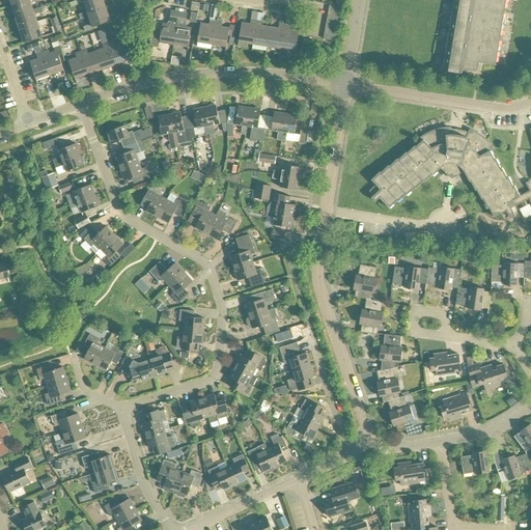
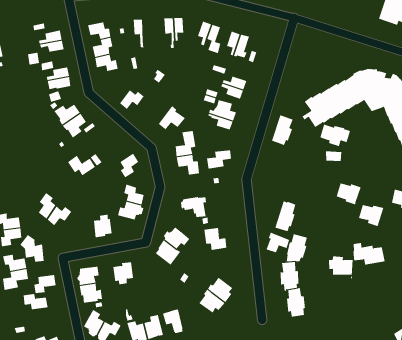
building: [169,111,193,147] -> none
building: [141,185,167,216] -> none
building: [190,201,216,232] -> none
building: [149,260,184,284] -> [67,155,96,176]
building: [355,263,378,299] -> [271,115,293,146]
building: [393,266,428,289] -> [319,124,351,147]
building: [245,288,275,315] -> [206,150,232,169]
building: none -> [266,232,290,253]
building: [122,348,155,380] -> [19,234,44,262]
building: [287,363,314,390] -> none
building: [468,363,509,389] -> [352,243,386,265]
building: [440,392,472,420] -> none
building: [202,393,228,422] -> none
building: [266,435,288,466] -> none
building: [91,466,118,492] -> [34,274,57,294]

